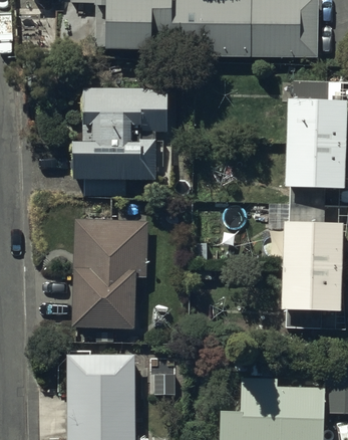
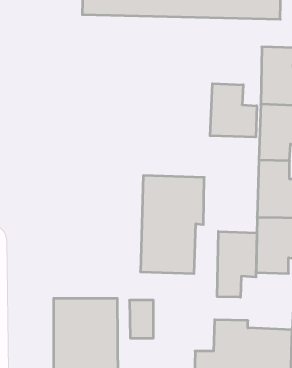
building: [73,90,166,180] -> none
building: none -> [210,84,257,137]
building: [75,222,144,328] -> [140,176,204,274]
building: none -> [217,231,257,297]

